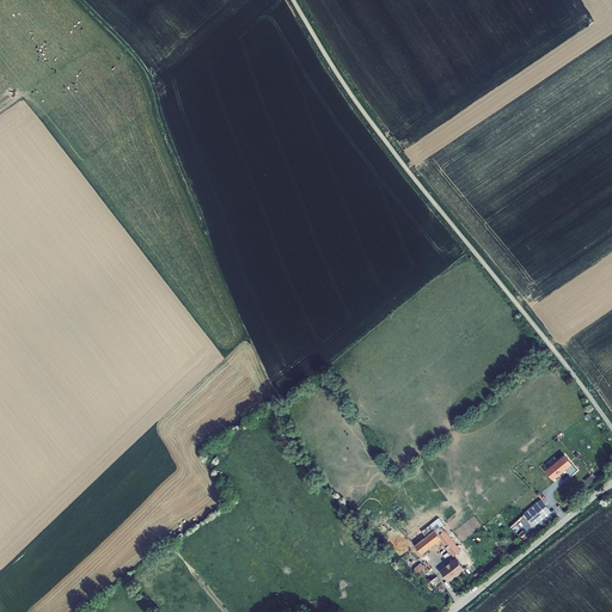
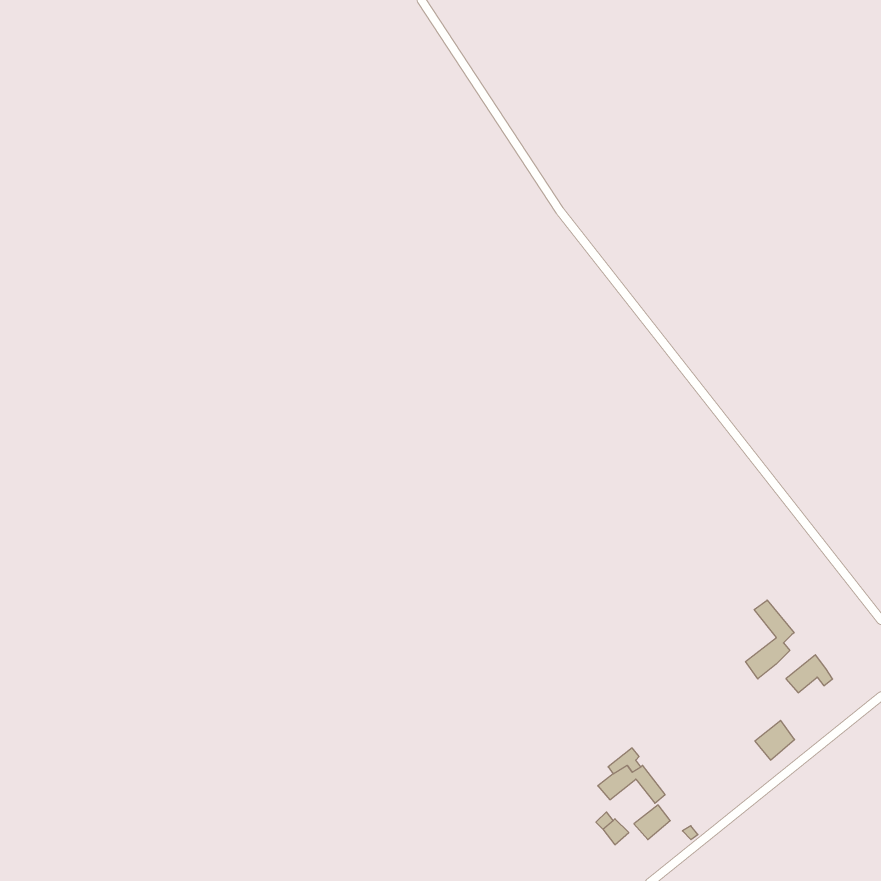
building: none -> [746,600,794,679]

